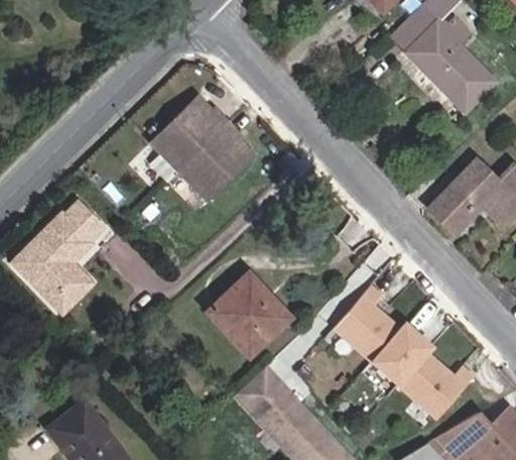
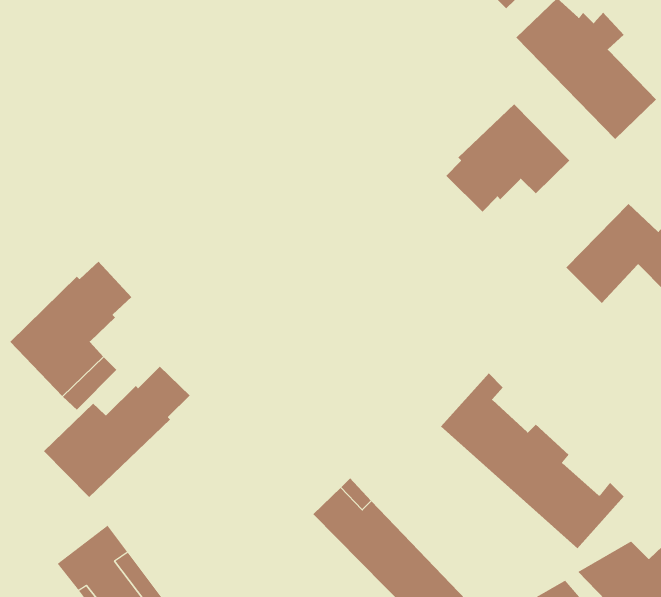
building: none -> [446,104,570,212]
building: [150,97,253,201] -> none
building: [206,272,291,358] -> none
building: none -> [43,366,190,498]

